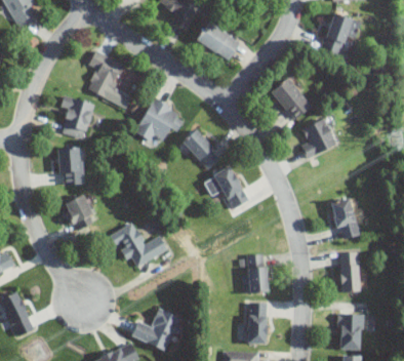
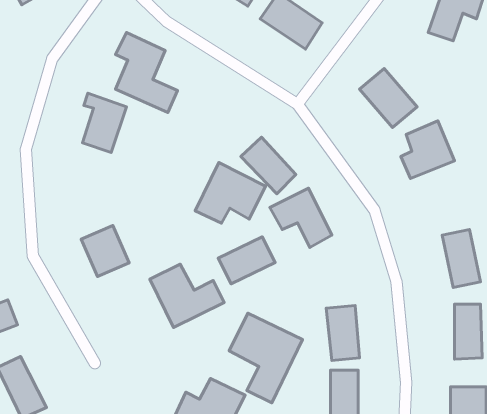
building: [134,97,187,143] -> [195,163,266,223]
building: [57,147,84,186] -> none
building: none -> [218,237,275,284]
building: none -> [229,313,303,403]

